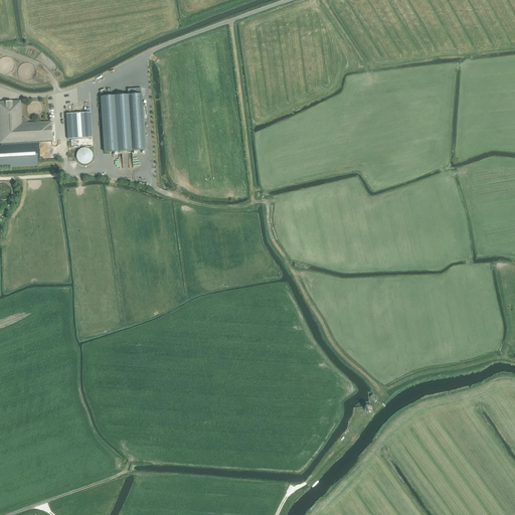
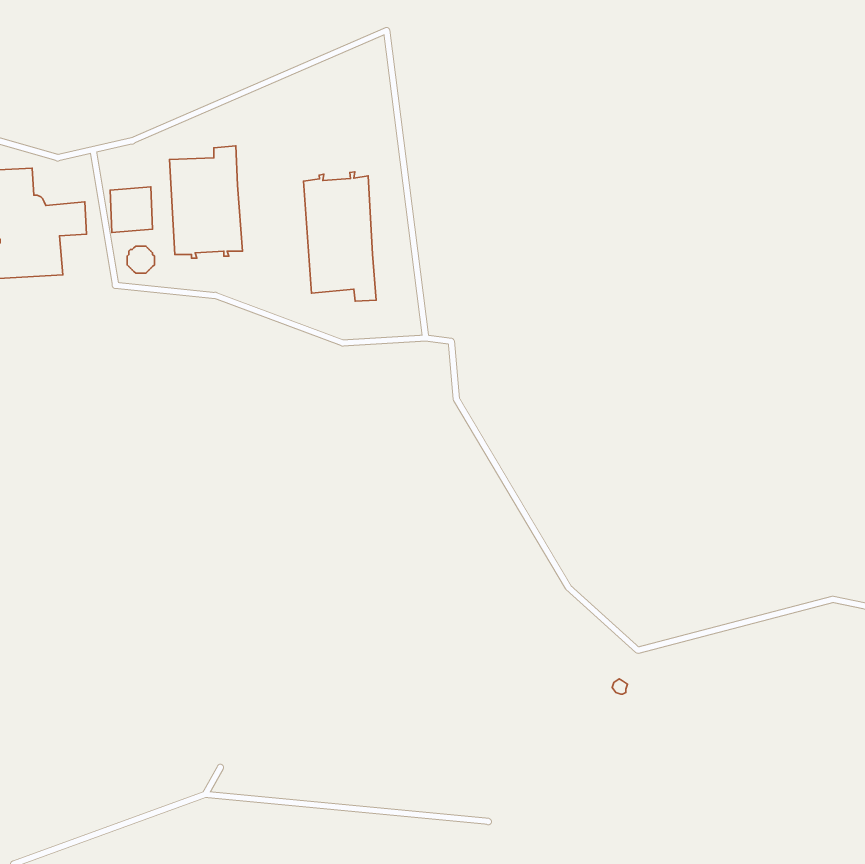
building: none -> [303,172,376,301]

